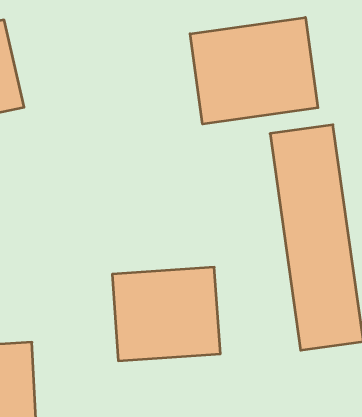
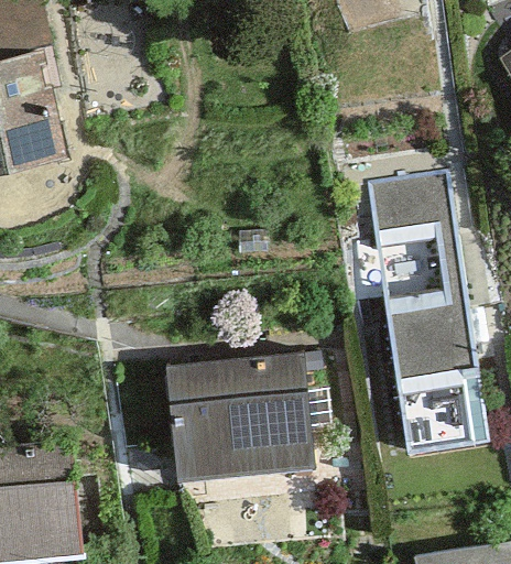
building: [190,17,318,124] -> none

